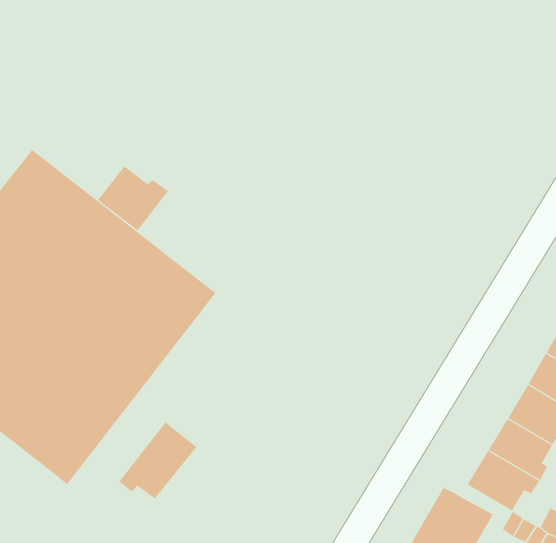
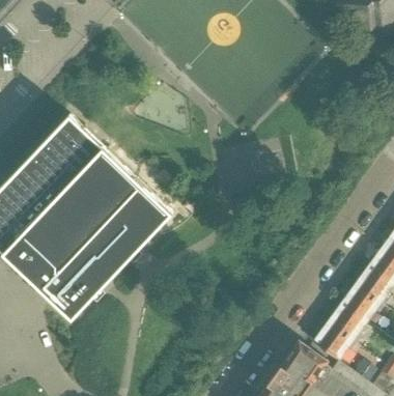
building: [97,165,169,231] -> none
building: [118,422,197,499] -> none

